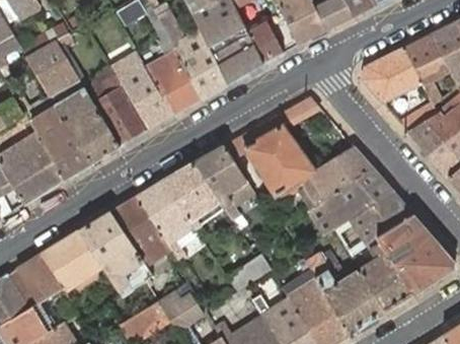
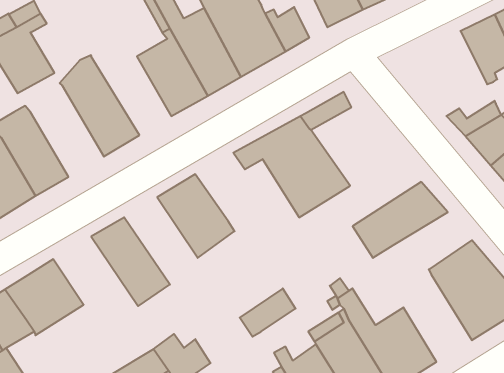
building: [362,47,428,104] -> none
building: [109,51,173,130] -> none
building: [57,90,120,163] -> none
building: [193,144,254,219] -> none
building: [276,145,373,205] -> none
building: [136,180,195,261] -> none
building: [351,192,413,246] -> none
building: [79,211,153,289] -> none
building: [359,242,413,312] -> none

